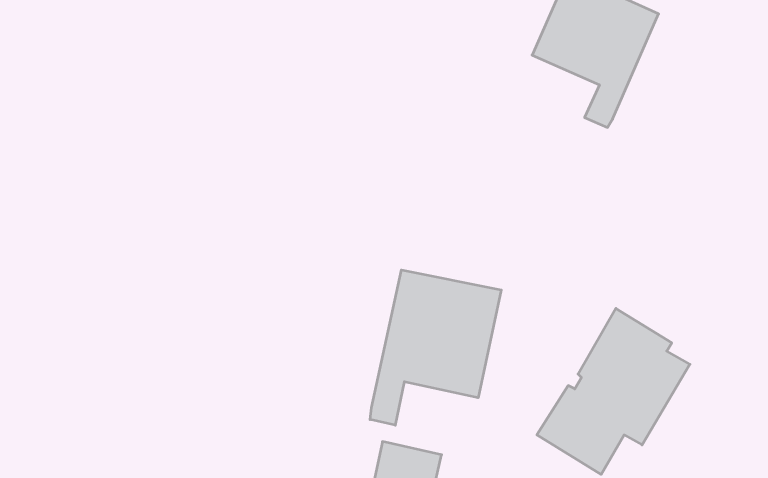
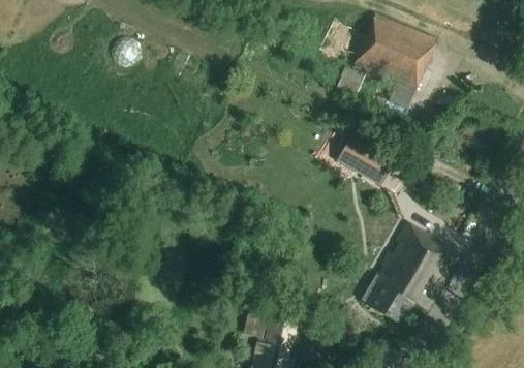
building: none -> [339,131,398,184]
building: [370,270,501,425] -> none

